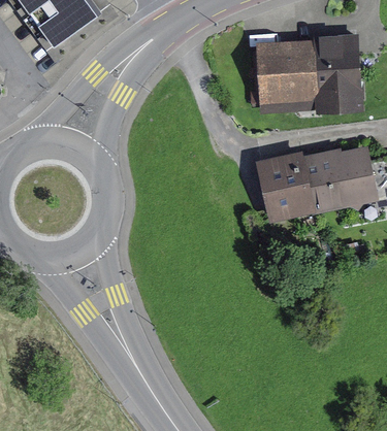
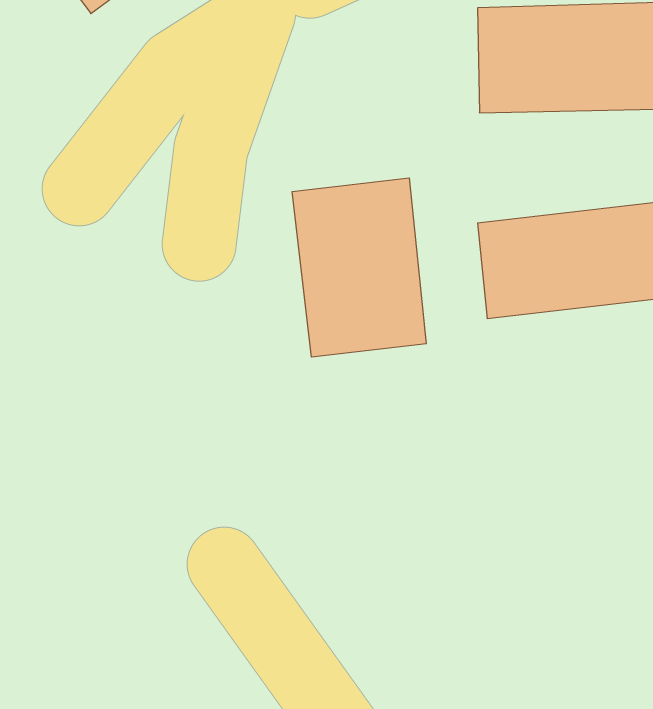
building: none -> [292,178,426,357]

